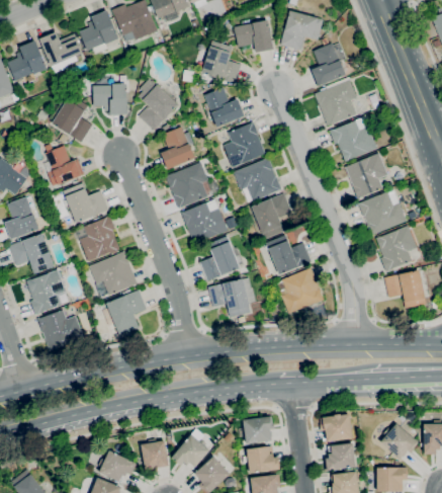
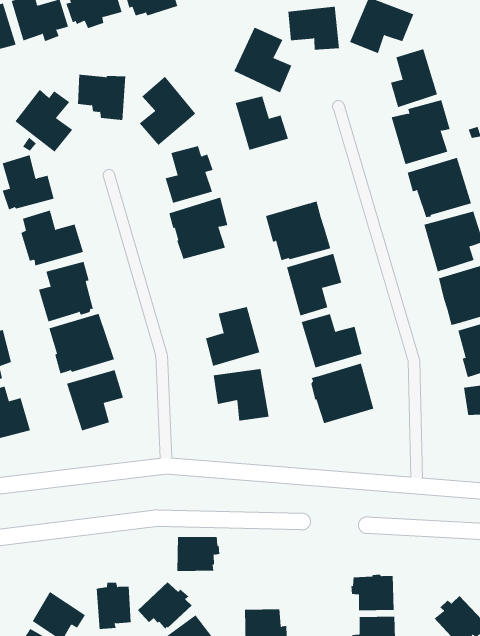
building: [224,122,266,168] -> none
building: [182,200,228,245] -> none
building: [244,417,275,444] -> [177,537,220,571]

